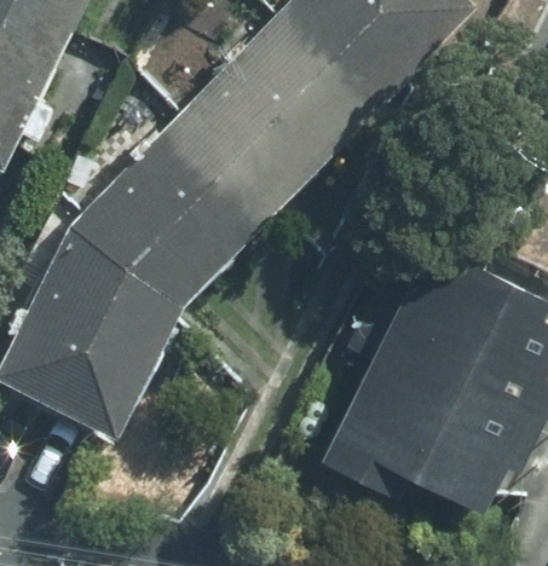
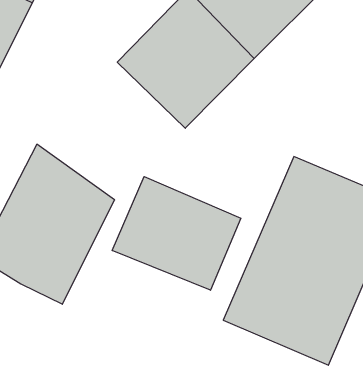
building: [76,110,279,299] -> none
building: none -> [112,177,241,290]

